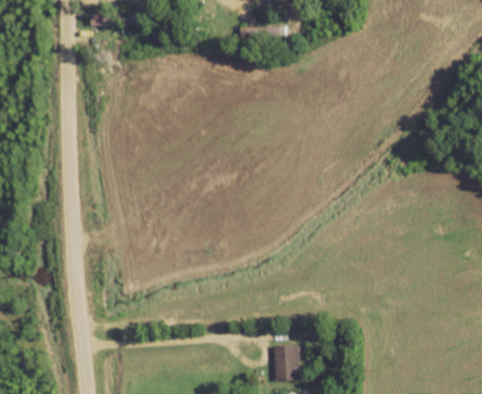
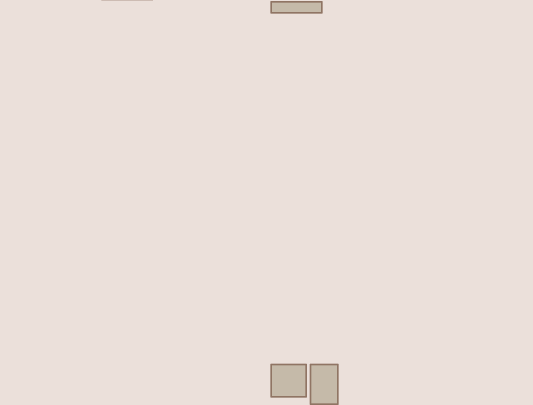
building: none -> [271,364,306,397]

